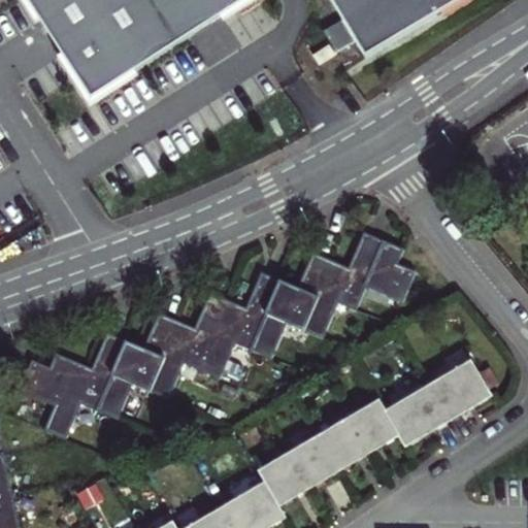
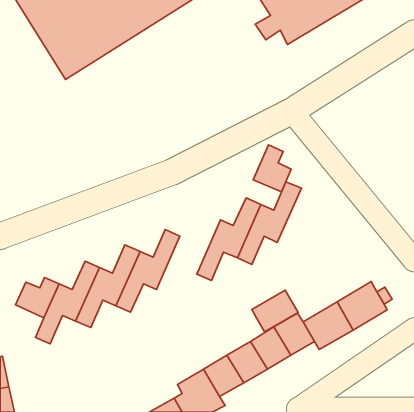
building: [364,239,412,299] -> [253,145,291,192]
building: [199,271,280,376] -> none
building: none -> [252,290,298,332]

